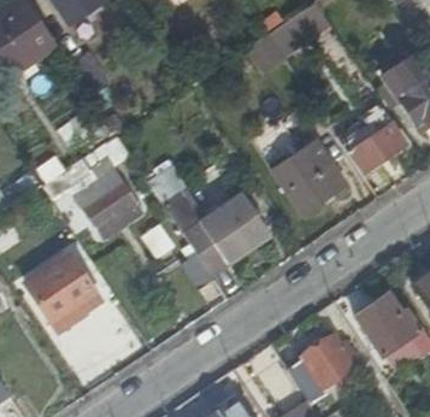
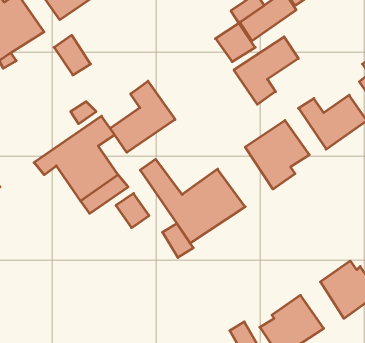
building: none -> [234,37,298,104]
building: none -> [110,81,175,152]
building: [35,258,106,327] -> none

